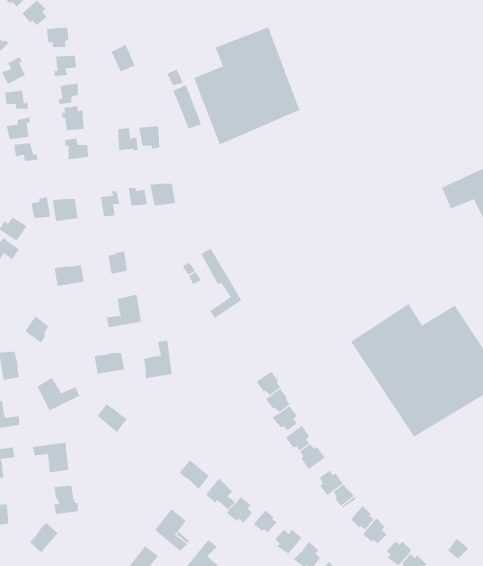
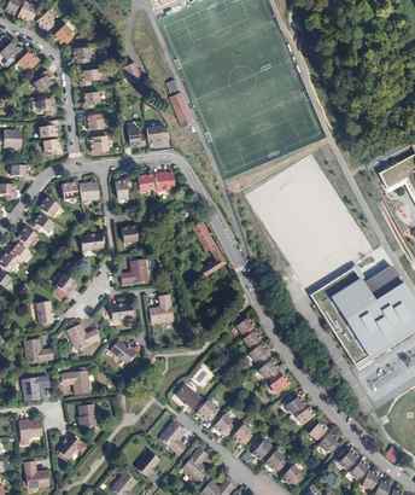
building: [193,27,301,145] -> none

